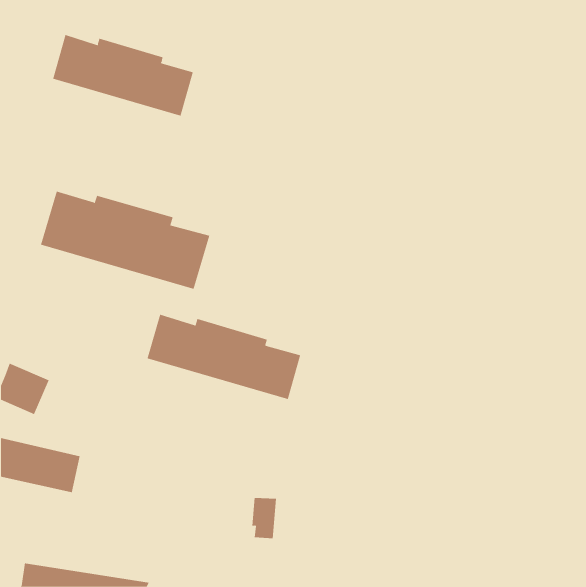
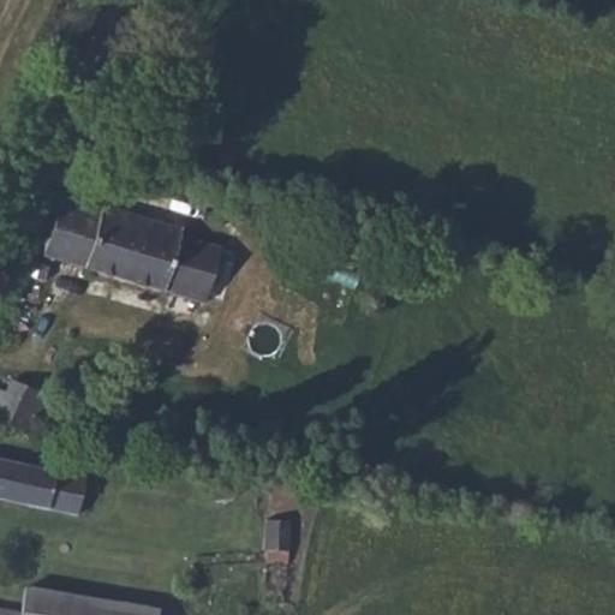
building: [52,34,194,117] -> none
building: [147,314,301,400] -> none

